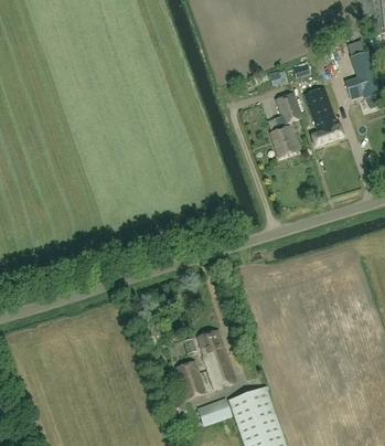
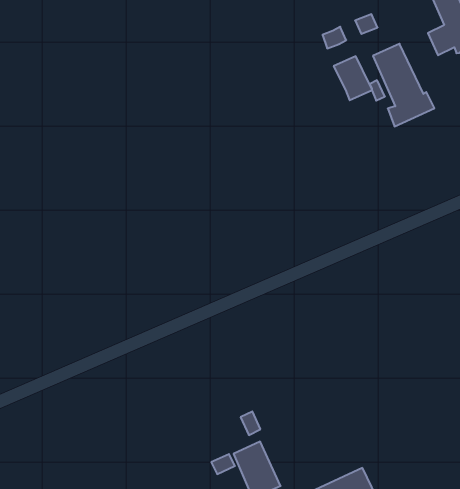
building: [270,115,298,156] -> none
building: [197,329,236,389] -> none

